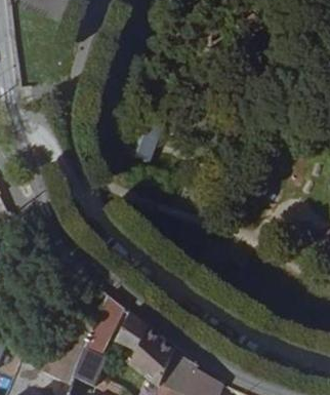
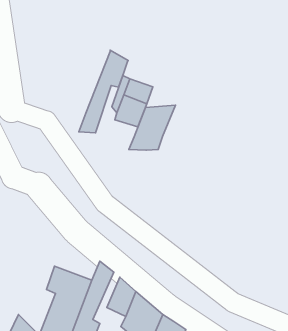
building: none -> [79,50,128,133]
building: none -> [129,105,175,150]

